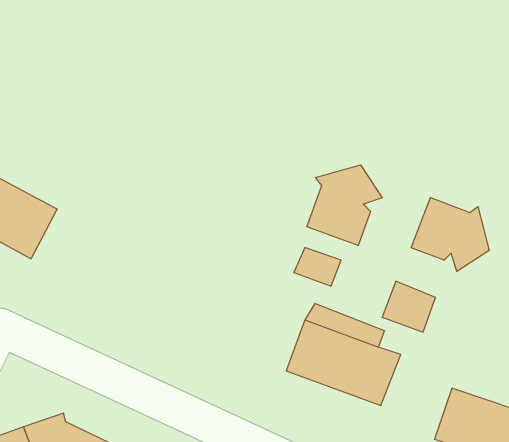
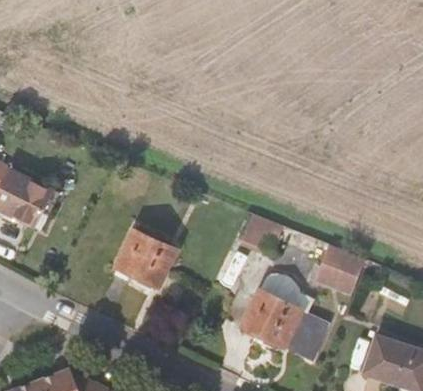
building: [307,165,382,246] -> none
building: [411,198,489,272] -> none
building: none -> [111,231,174,292]

